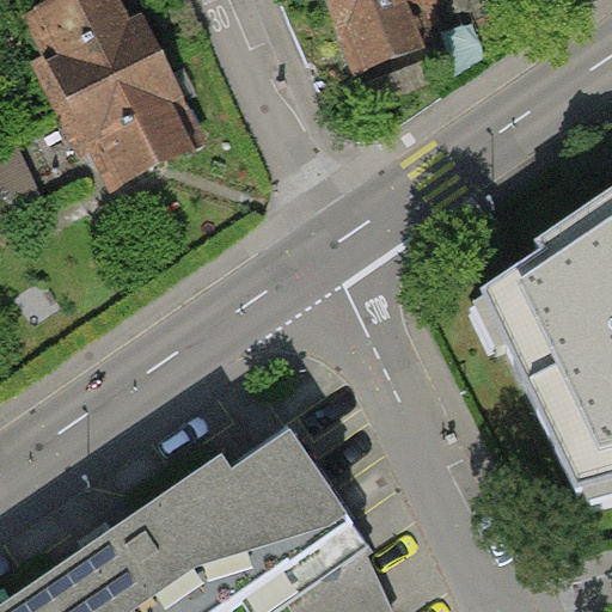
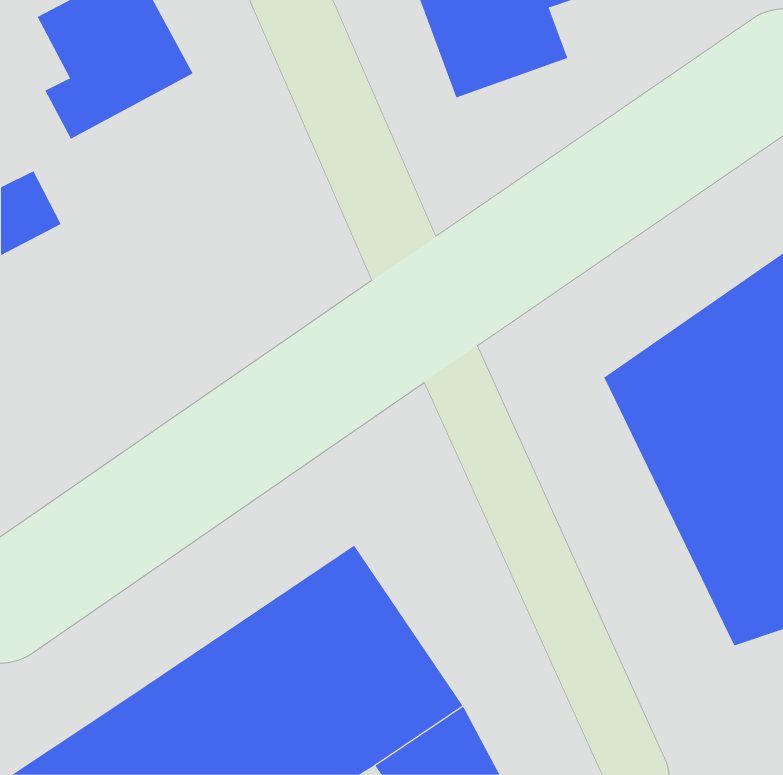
building: [56,57,200,184] -> none

